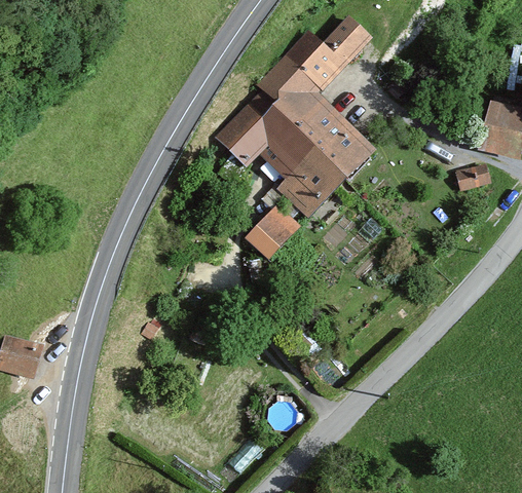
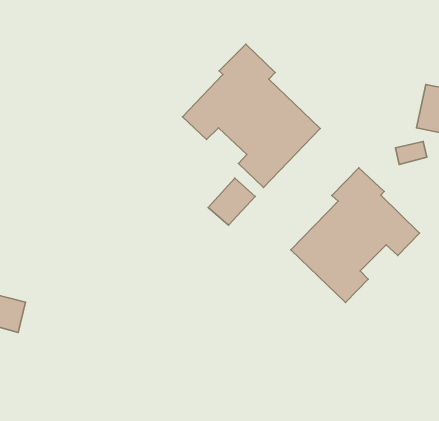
building: [288,18,367,87] -> none
building: none -> [291,168,420,303]

